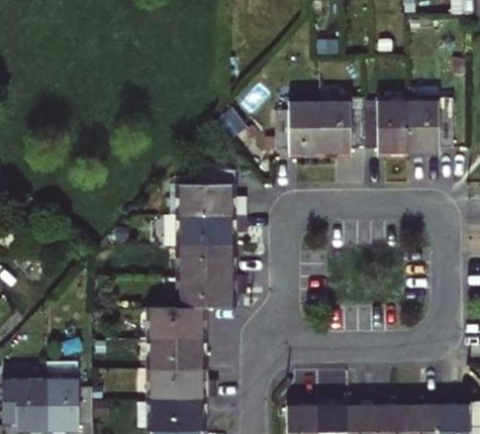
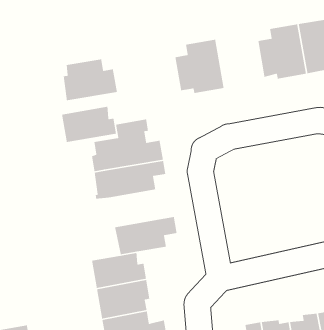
building: none -> [63,58,118,101]
building: [319,102,362,154] -> none
building: [182,246,235,277] -> [61,106,117,143]

